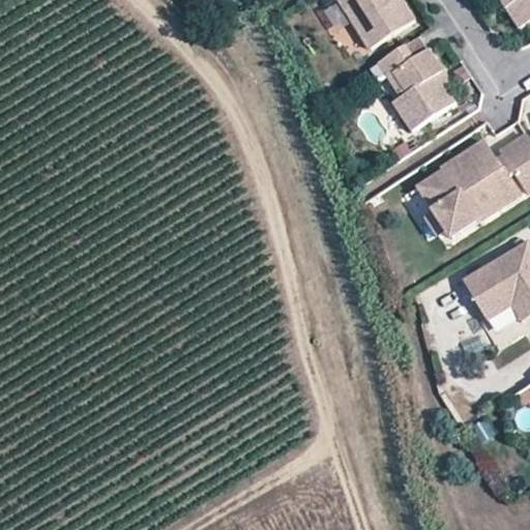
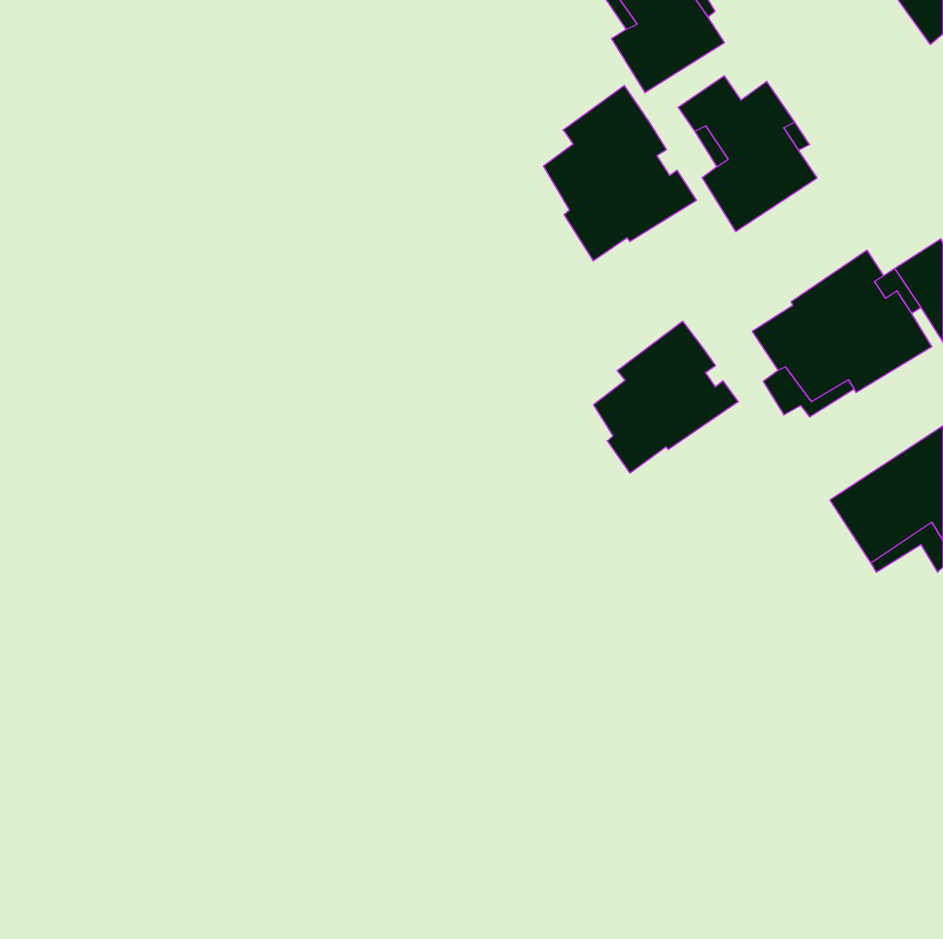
building: none -> [544,85,696,261]
building: none -> [594,321,738,473]

